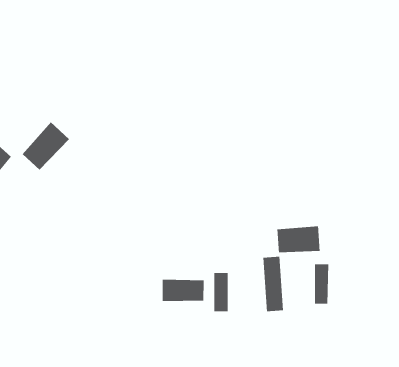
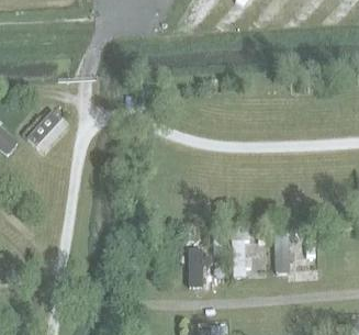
building: [277,225,320,253] -> none
building: [162,279,204,302] -> none

